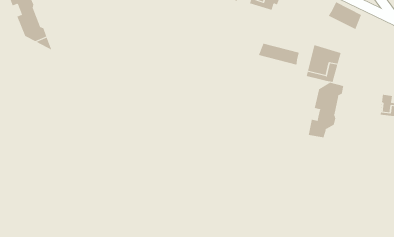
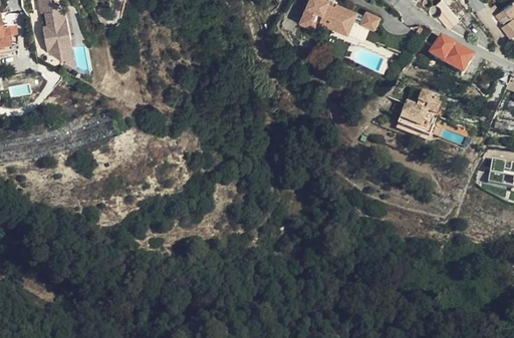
building: [258,43,300,66] -> none
building: [308,82,344,138] -> none

